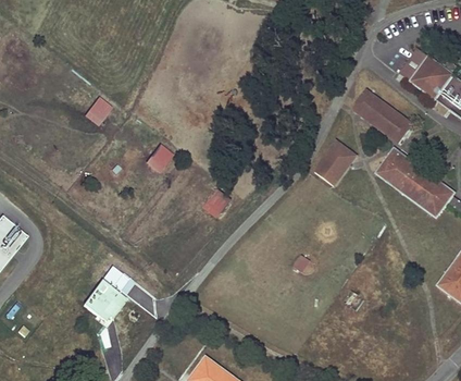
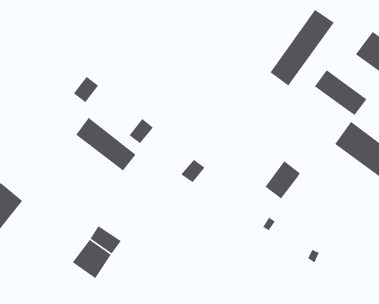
building: none -> [269,9,335,87]
building: [313,142,353,185] -> [265,160,301,199]
building: none -> [75,117,137,172]

